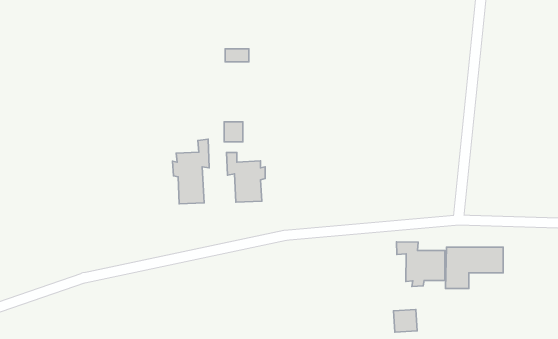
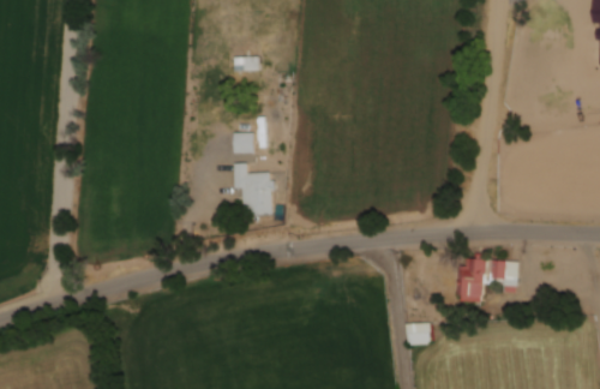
building: [172,139,209,204] -> none
building: [396,242,445,287] -> none

